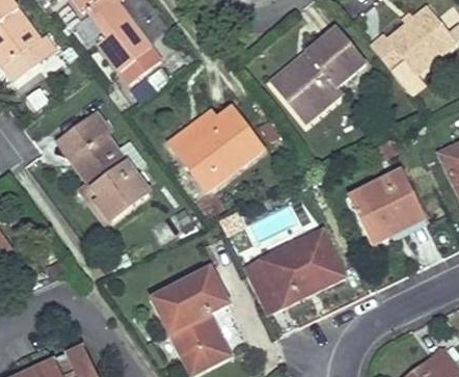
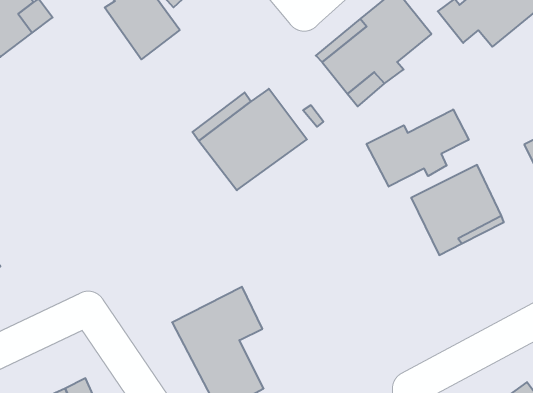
building: [66,113,147,222] -> none
building: none -> [367,109,469,187]
building: [242,228,344,315] -> none

